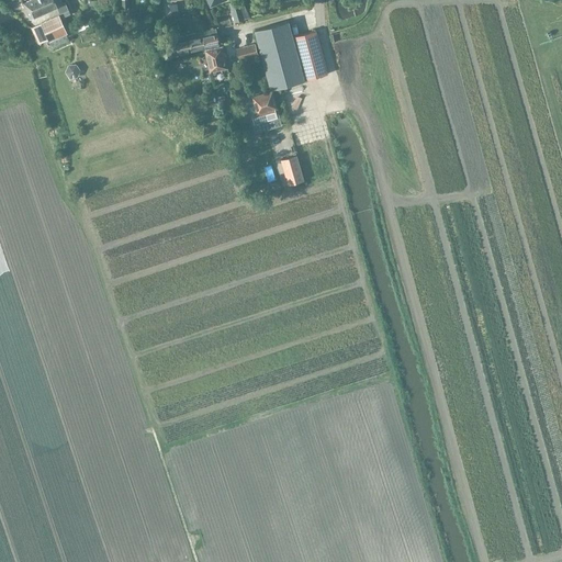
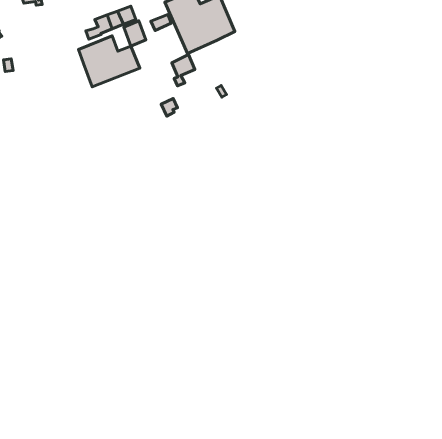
building: none -> [79,36,140,87]
building: [278,155,301,184] -> none

